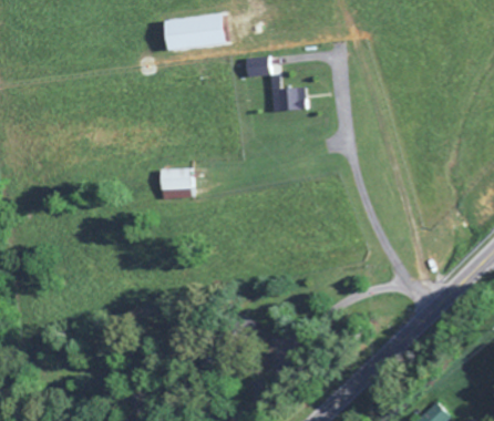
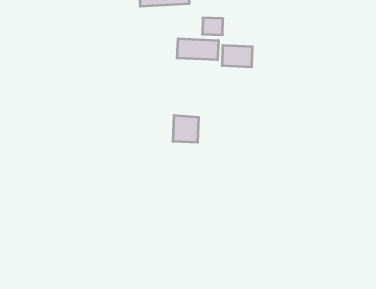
building: none -> [177,39,219,60]
building: [161,168,191,198] -> [173,115,199,142]

